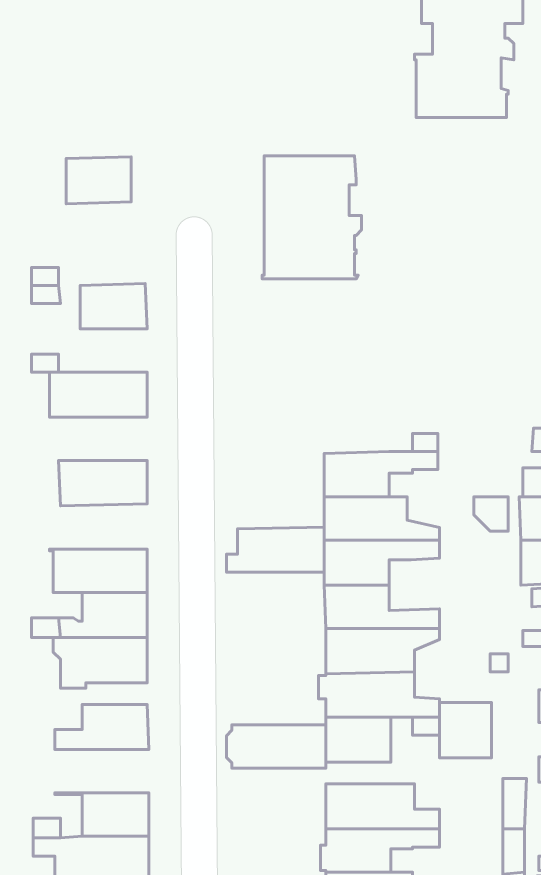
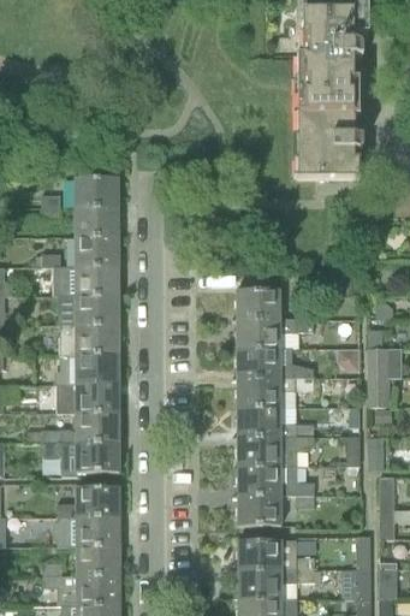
building: [262,156,362,279] -> [297,96,363,178]
building: [66,157,131,204] -> [75,177,118,208]
building: none -> [75,237,119,266]
building: none -> [237,289,280,320]
building: none -> [75,296,119,325]
building: [227,527,324,572] -> [54,354,119,384]
building: [440,702,492,758] -> none
building: [227,725,326,768] -> [54,517,120,546]

